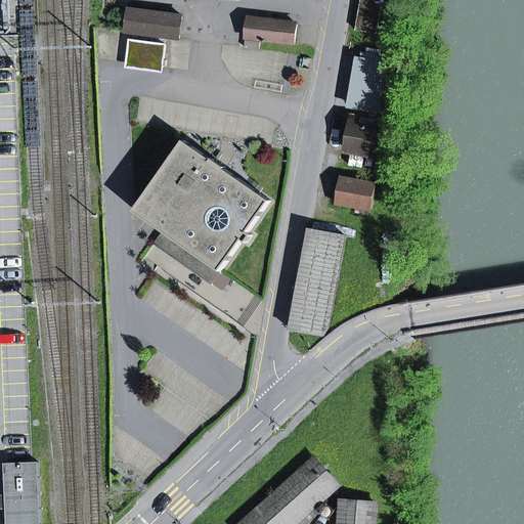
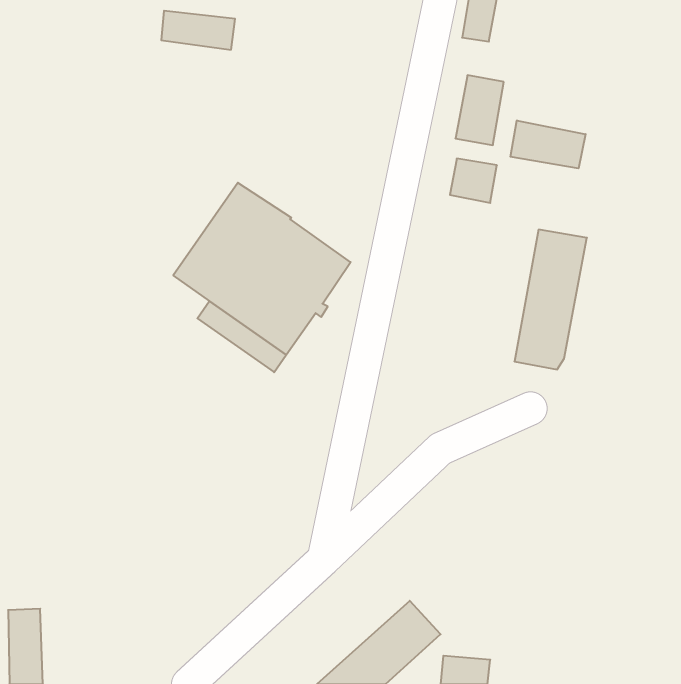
building: [246,16,298,48] -> none
building: [124,39,162,67] -> none
building: none -> [510,120,586,168]
building: [335,176,374,208] -> none
building: [288,228,343,335] -> [514,230,587,369]

